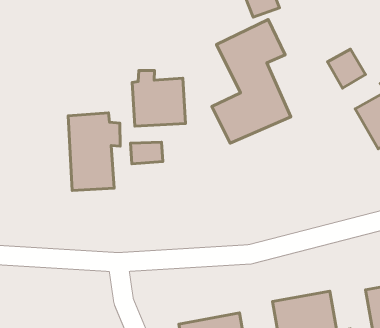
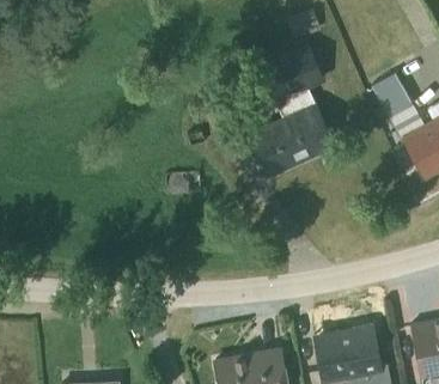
building: [132,70,186,126] -> none
building: [68,113,120,191] -> none

